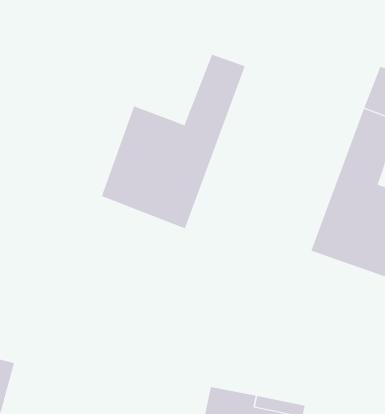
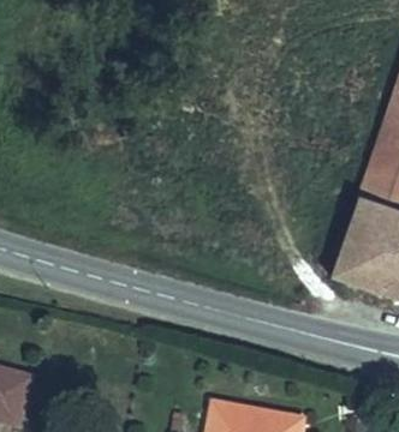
building: [101,54,245,229] -> none

